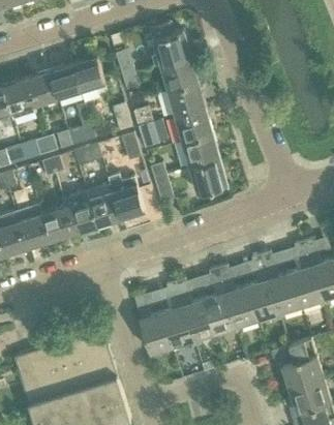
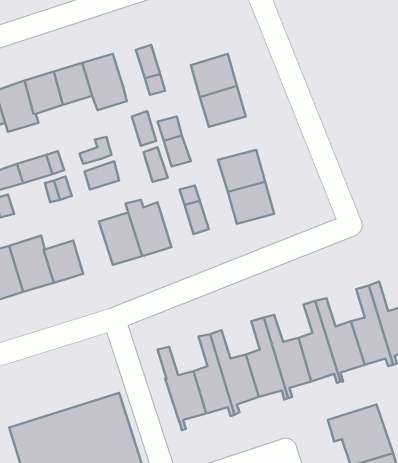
building: [150,22,190,66] -> none
building: [175,107,213,142] -> none
building: [63,191,97,234] -> none

